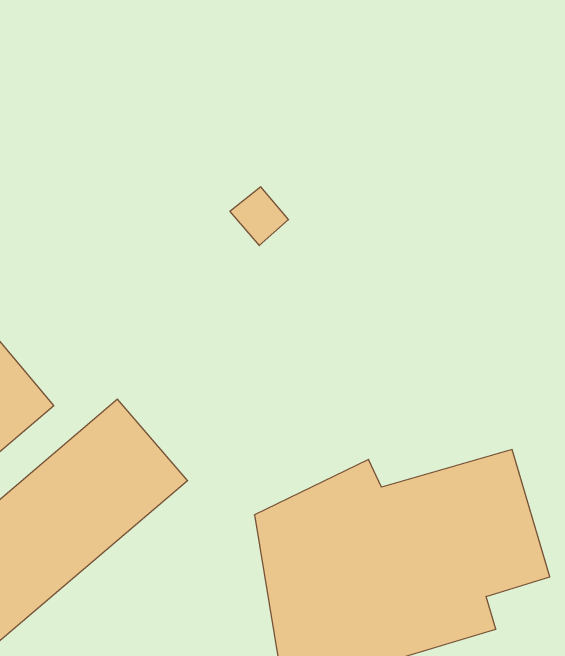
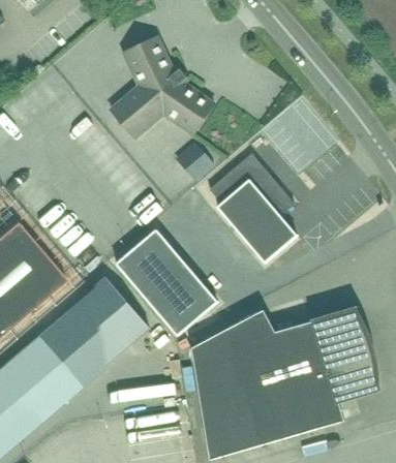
building: none -> [112,37,214,138]
building: none -> [210,154,298,264]
building: none -> [116,229,218,336]

